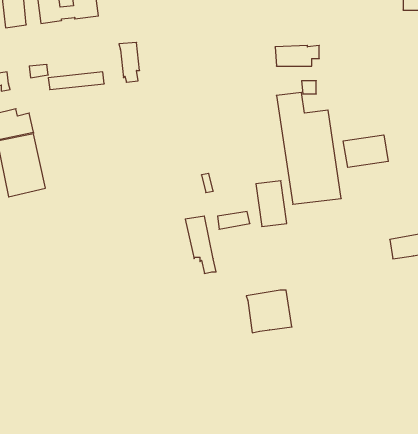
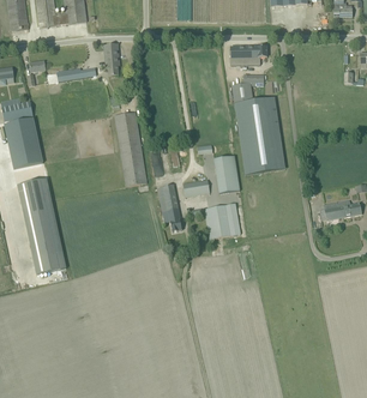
building: none -> [115,111,146,186]
building: [343,135,388,167] -> none
building: none -> [17,177,66,275]
building: [246,290,292,333] -> [204,204,241,239]

